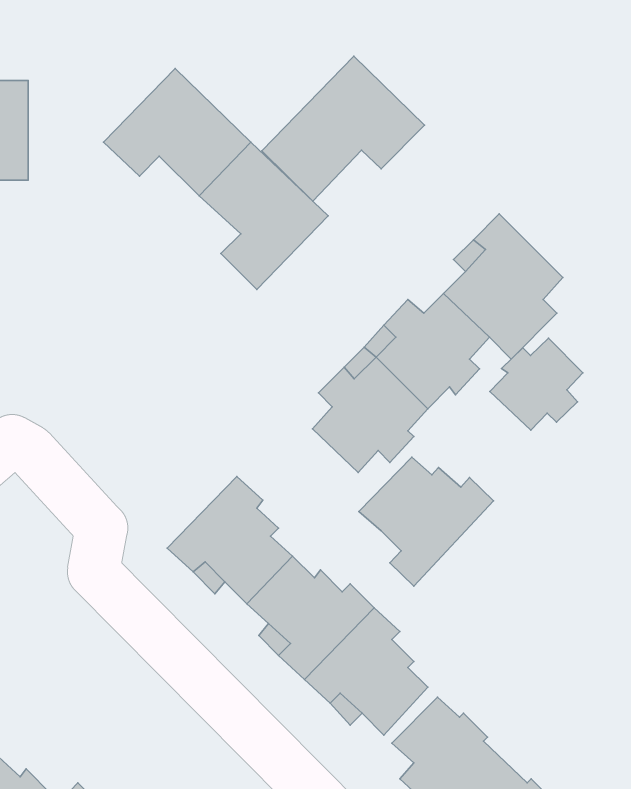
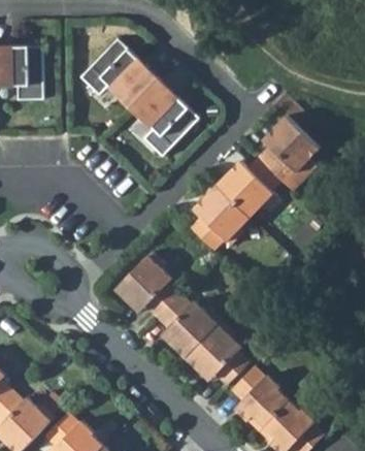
building: [262,56,425,201] -> none
building: [490,338,583,430] -> none
building: [359,457,494,586] -> none

